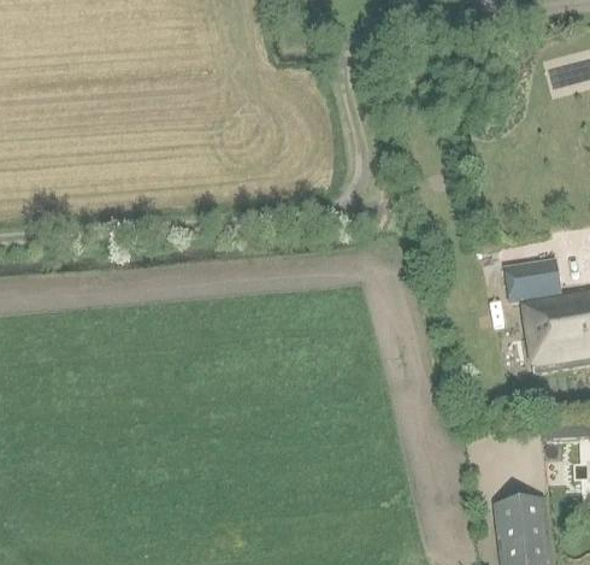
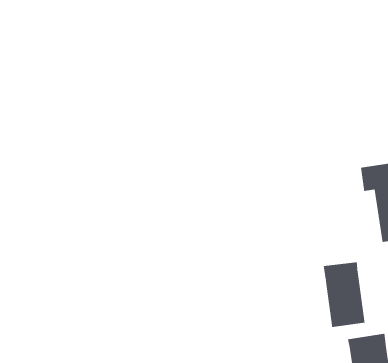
building: none -> [323,261,365,328]

